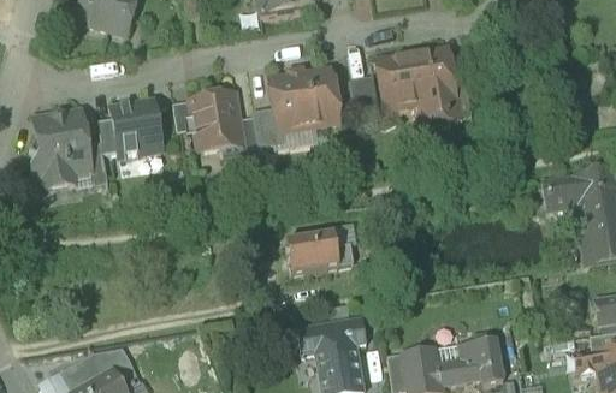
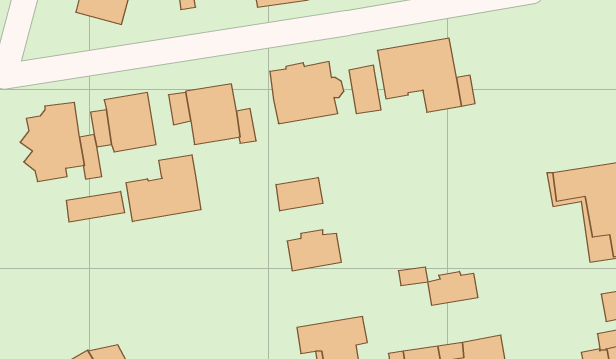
building: [253,107,284,147] -> none
building: none -> [126,155,201,222]
building: none -> [276,177,323,211]
building: none -> [67,191,125,222]
building: none -> [428,271,478,305]

